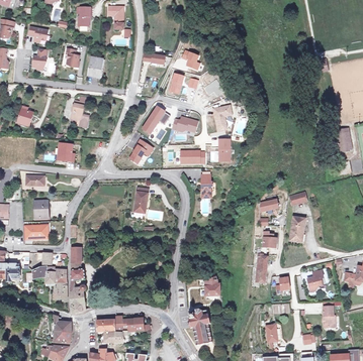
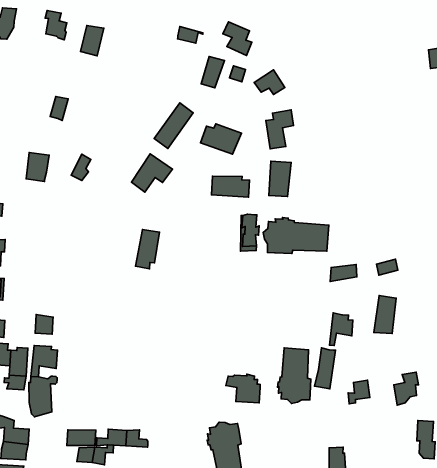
building: none -> [263,218,329,254]
building: none -> [277,348,311,403]

